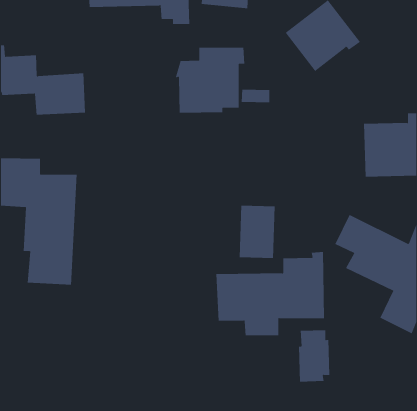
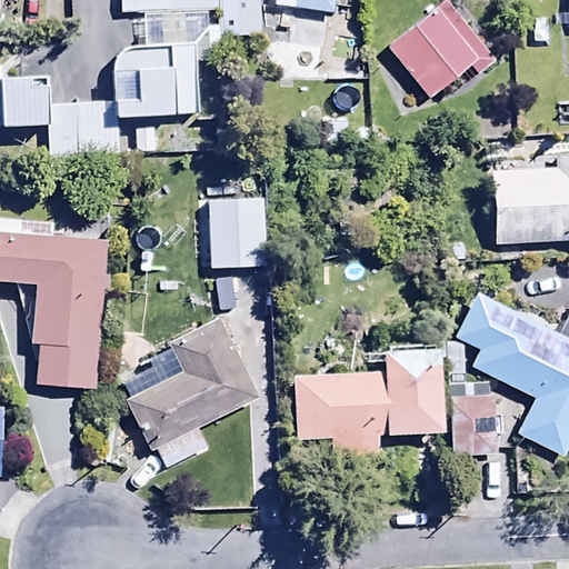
building: [175,47,245,113] -> [112,28,208,118]
building: [239,205,275,258] -> [221,211,271,283]
building: none -> [123,317,258,463]
building: [298,330,330,382] -> [451,382,495,453]

